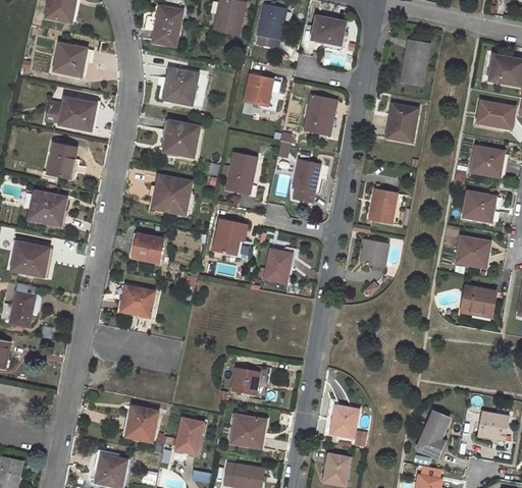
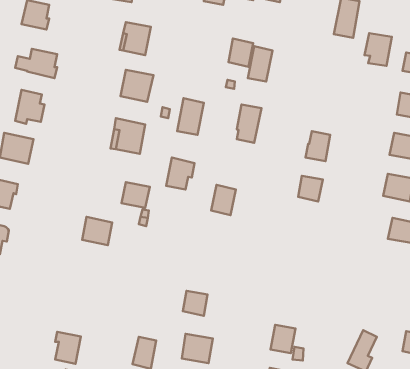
building: [245,73,272,105] -> [228,39,253,67]
building: [387,104,418,141] -> [365,33,392,66]
building: [132,233,163,262] -> [121,182,150,208]
building: [129,405,158,441] -> [55,332,81,364]

